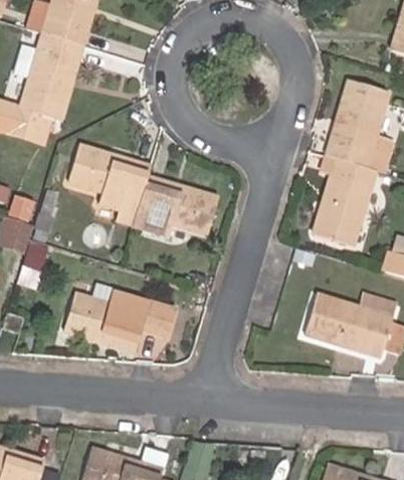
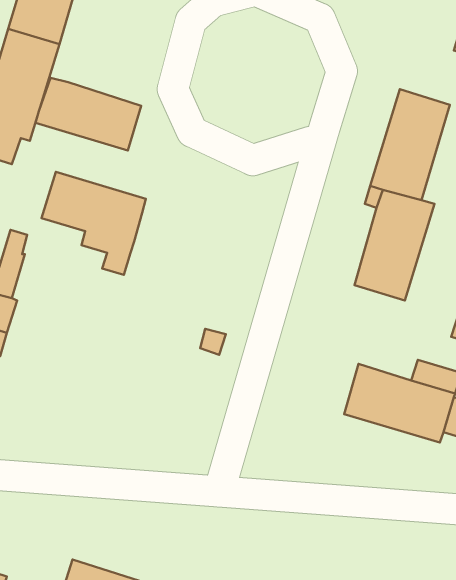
building: none -> [35,78,141,150]
building: [133,177,217,235] -> none
building: [64,292,174,351] -> none

